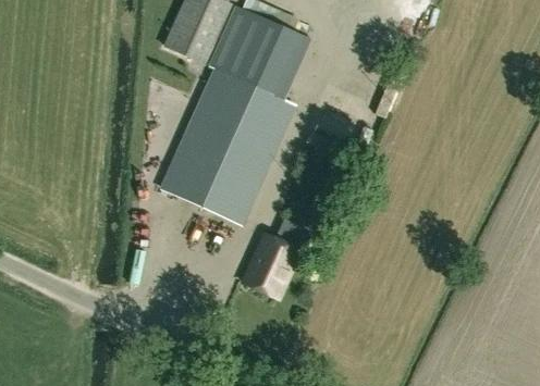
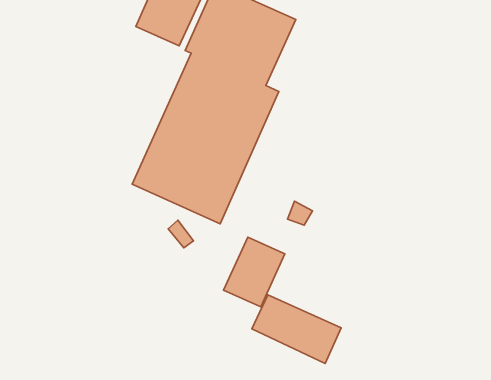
building: none -> [252,295,341,363]

